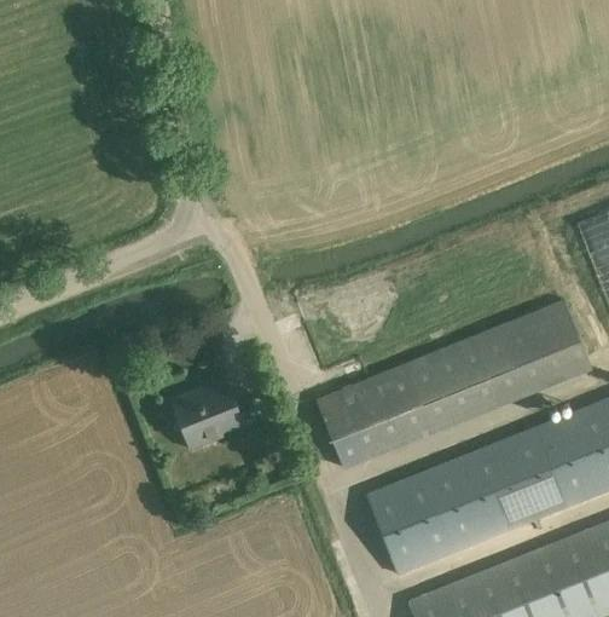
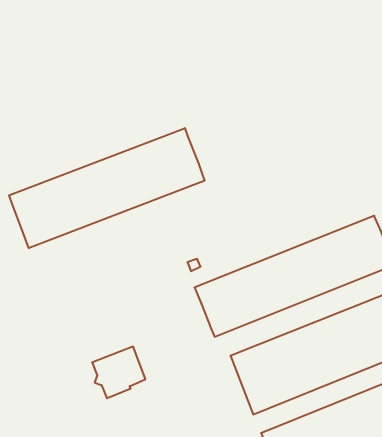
building: none -> [9,128,205,248]
building: [170,377,244,449] -> [92,347,145,398]

